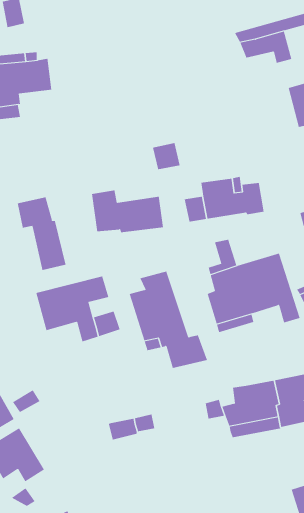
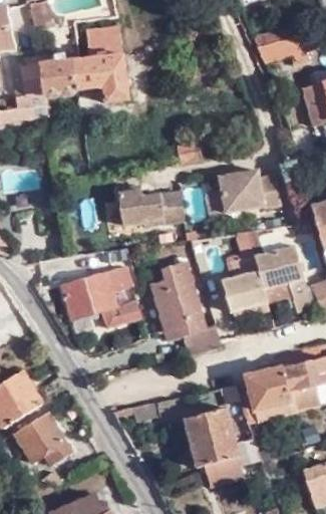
building: none -> [73,25,129,102]
building: [17,196,66,271] -> none
building: none -> [183,409,241,486]

